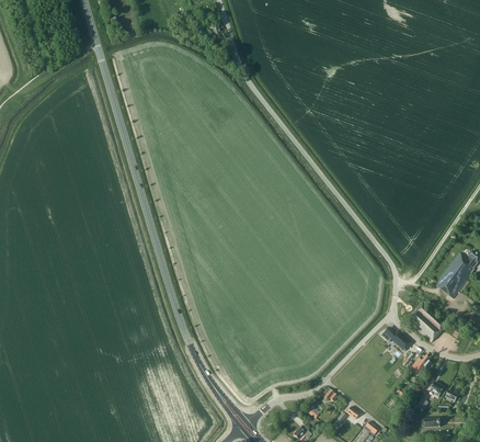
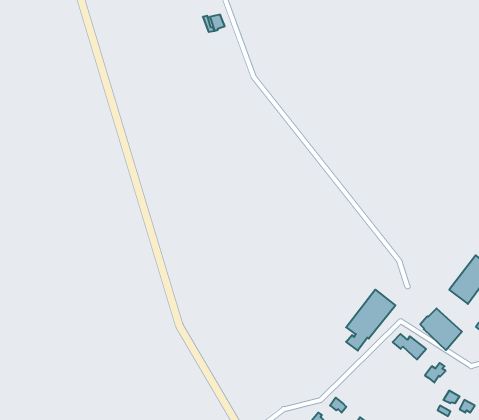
building: none -> [346,290,395,351]

